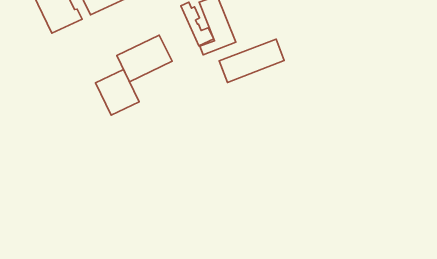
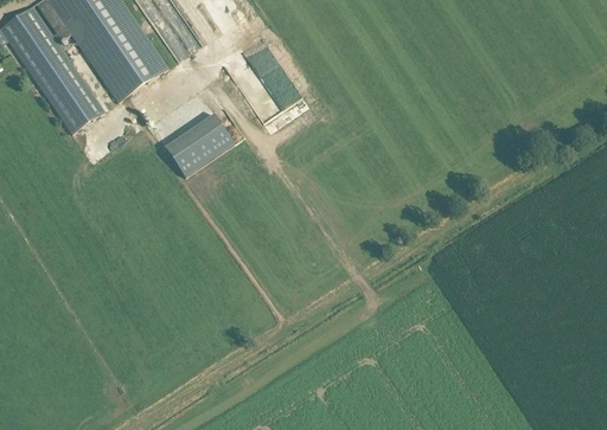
building: [219,39,284,82] -> none
building: [96,69,139,115] -> none

